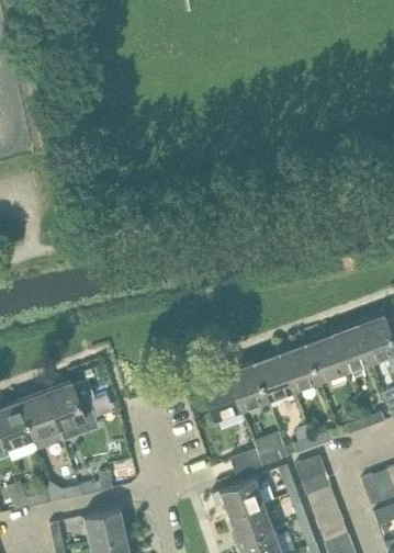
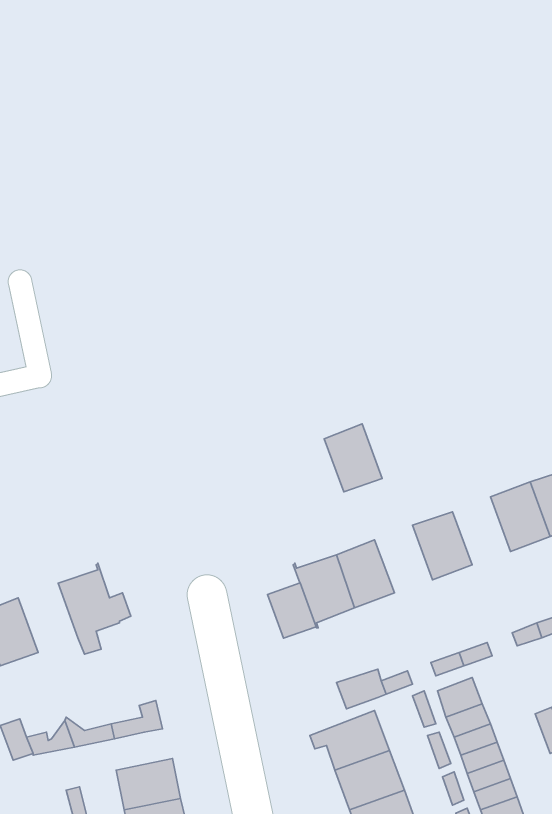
building: [306,336,345,381] -> none
building: [255,354,293,399] -> [324,424,382,492]
building: none -> [268,583,316,638]
building: [19,393,64,452] -> none

